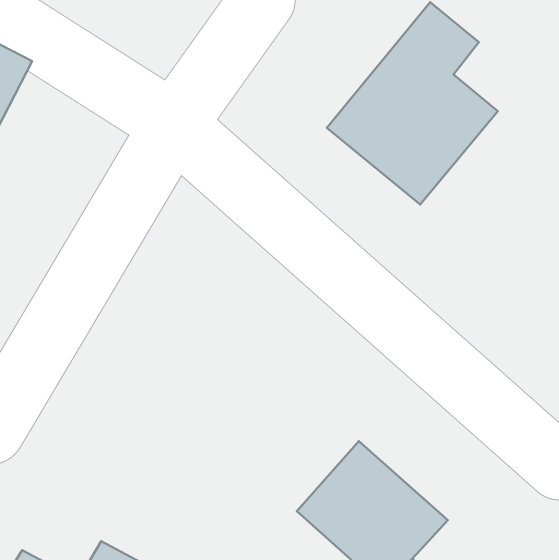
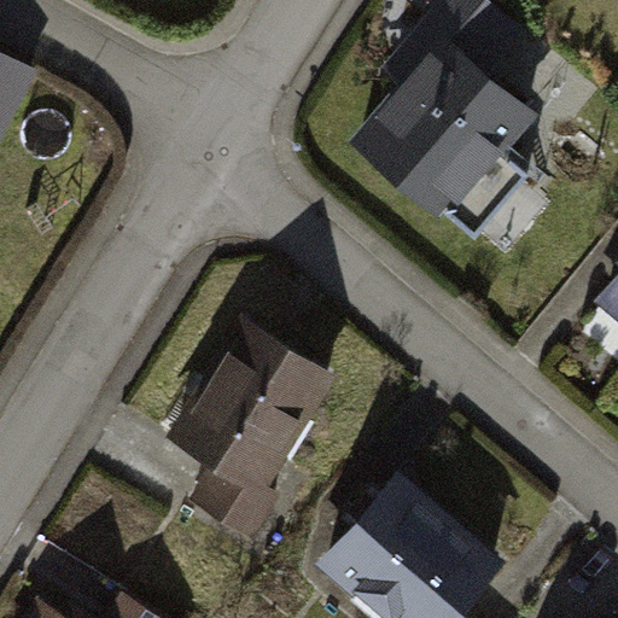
building: none -> [171,331,321,491]

